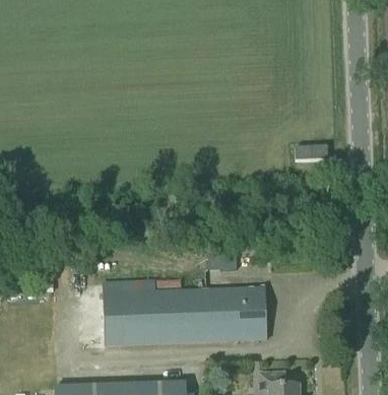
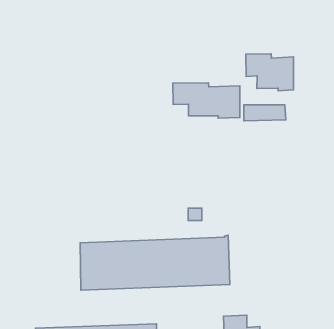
building: none -> [246,54,293,91]
building: none -> [173,83,240,118]

